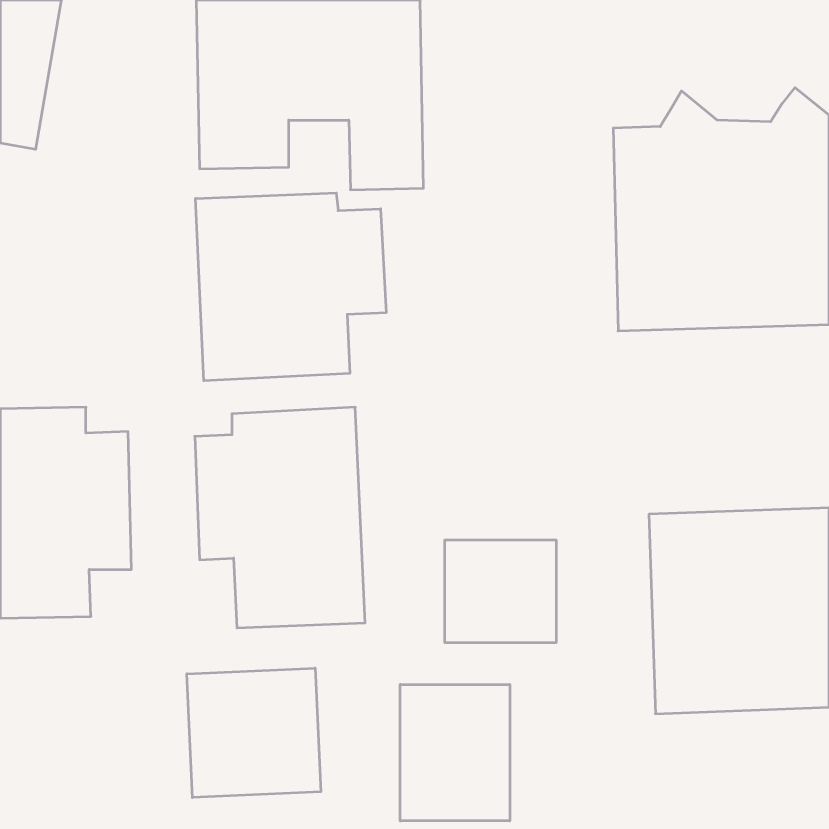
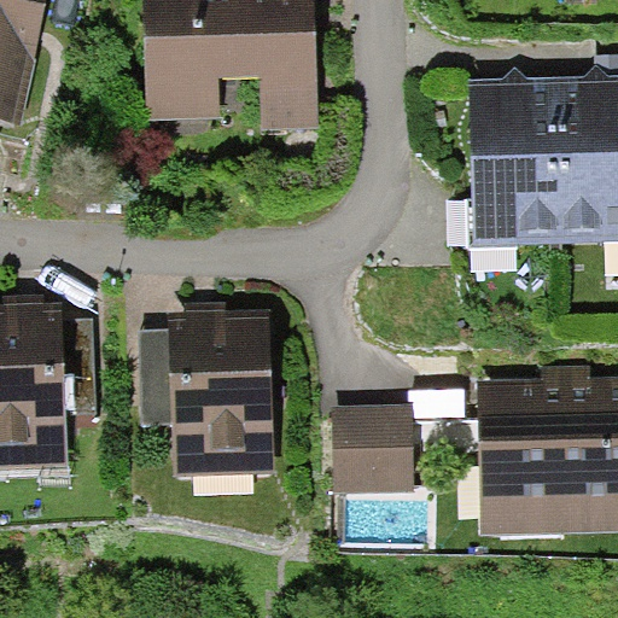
building: [196,193,386,381] -> none
building: [187,668,321,798] -> none
building: [400,684,510,821] -> none

